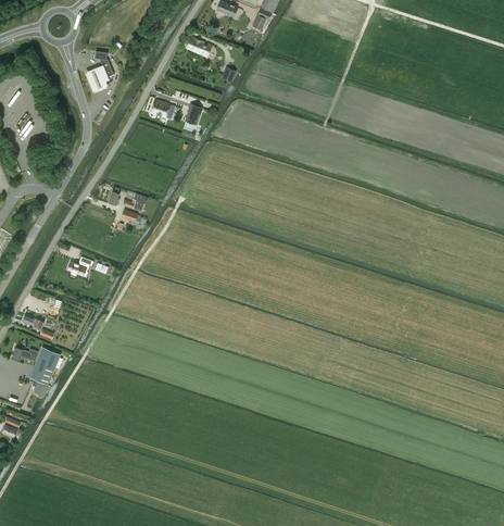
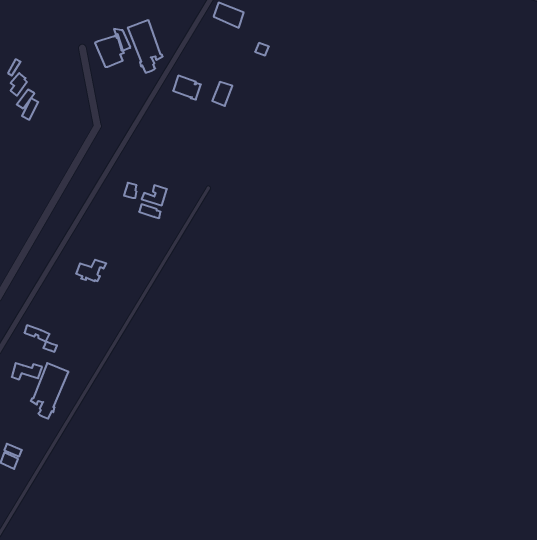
building: none -> [128,20,163,73]

